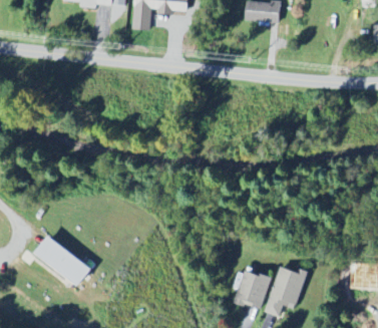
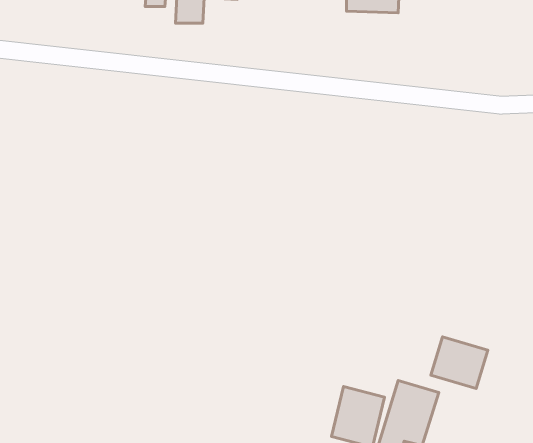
building: [34,235,91,285] -> none
building: none -> [431,337,488,389]

